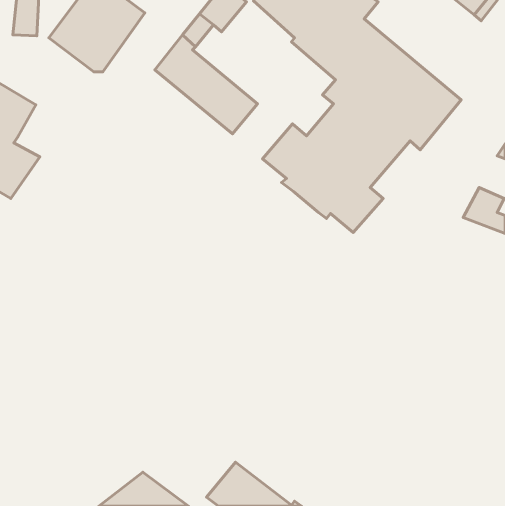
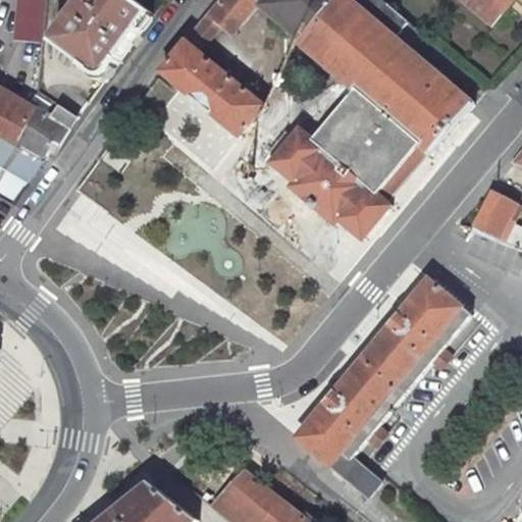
building: none -> [18,95,74,155]
building: none -> [294,277,468,493]

